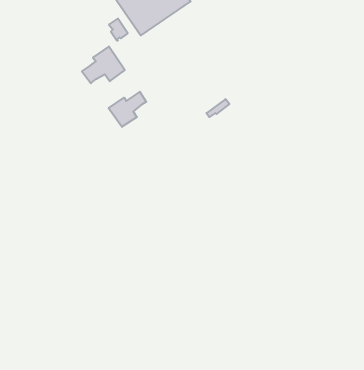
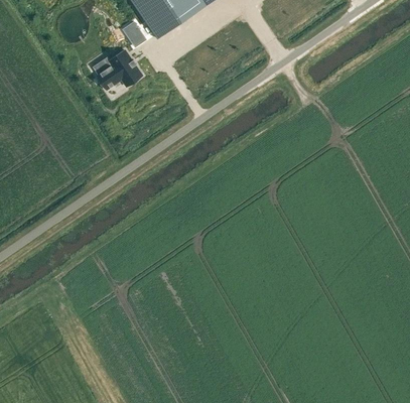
building: [109,92,146,127] -> none

